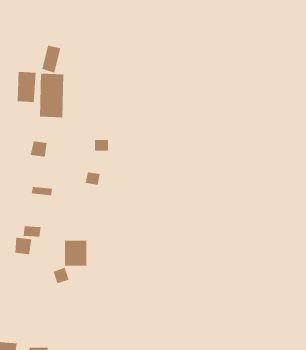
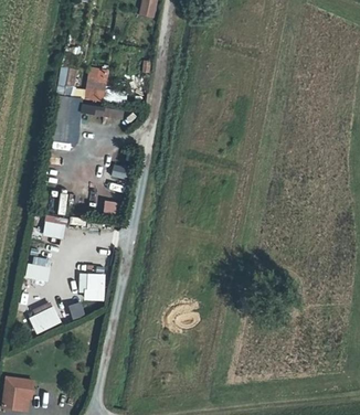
building: [17,71,36,103] -> [86,66,107,99]
building: none -> [29,305,62,333]

